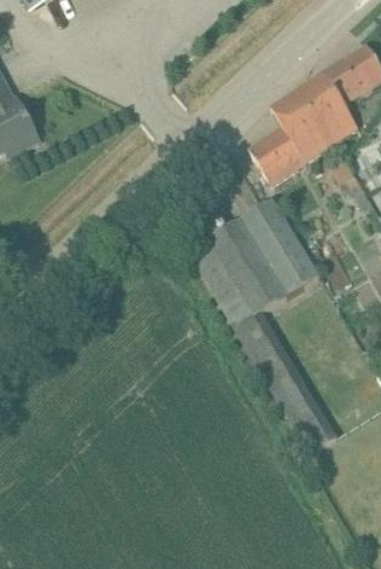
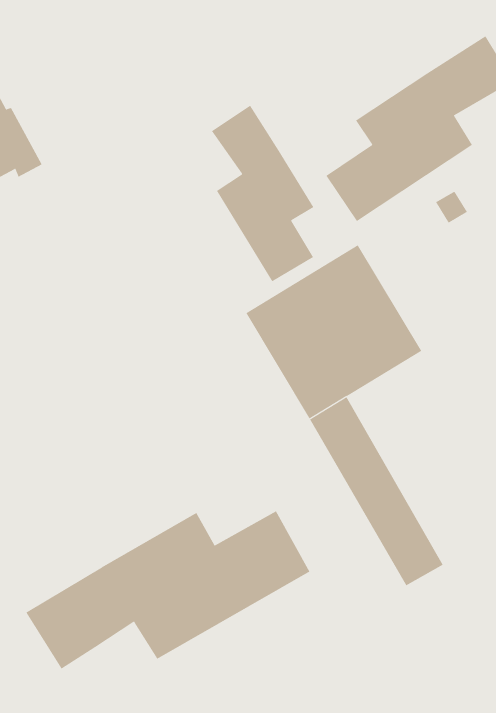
building: none -> [211,105,314,282]
building: none -> [25,511,310,670]

